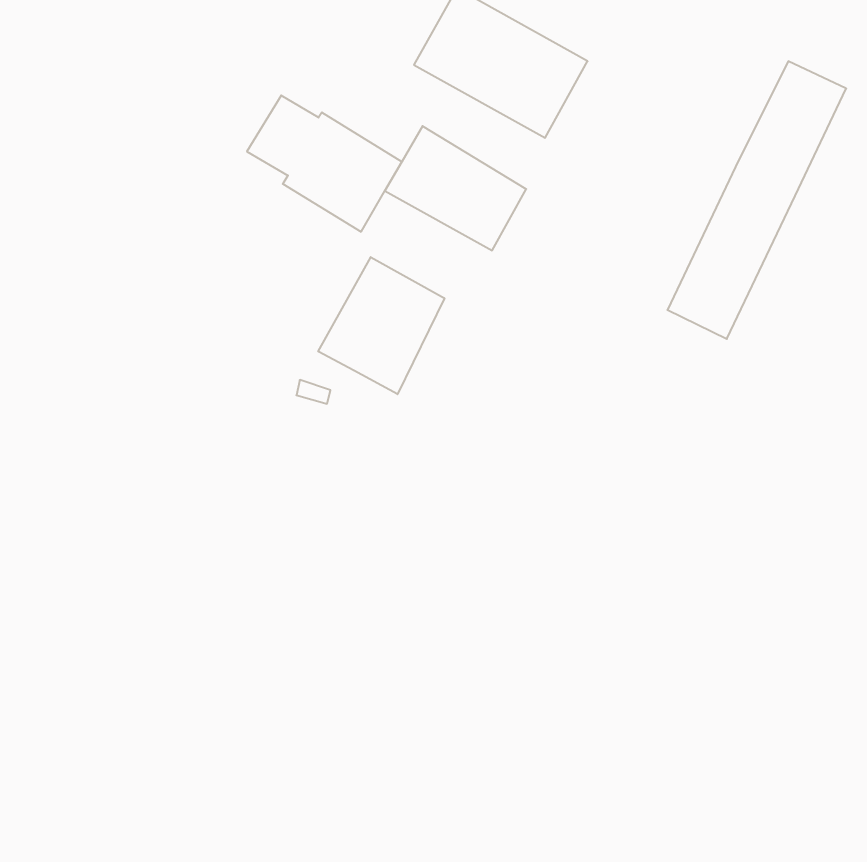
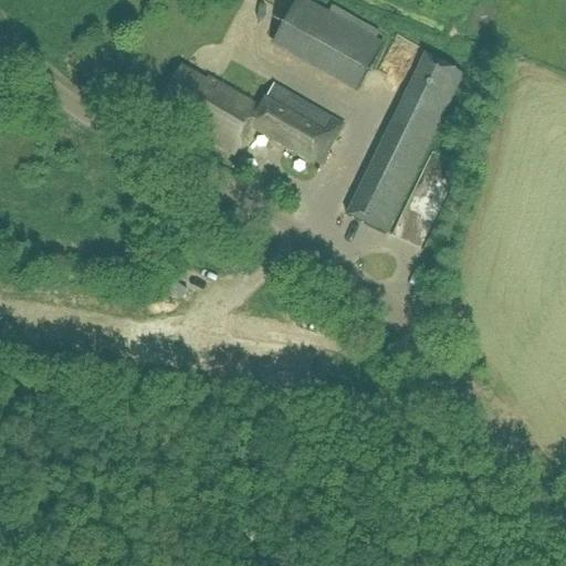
building: [667,61,846,339] -> [347,51,463,231]
building: [318,257,444,394] -> none

